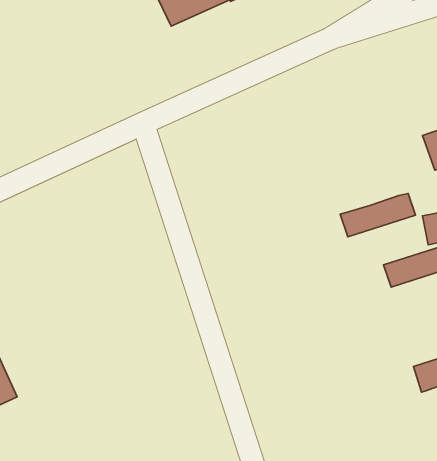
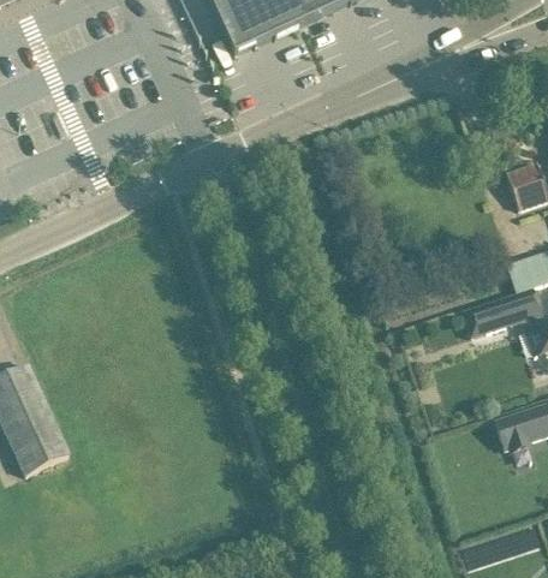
building: [340,193,415,237] -> none

